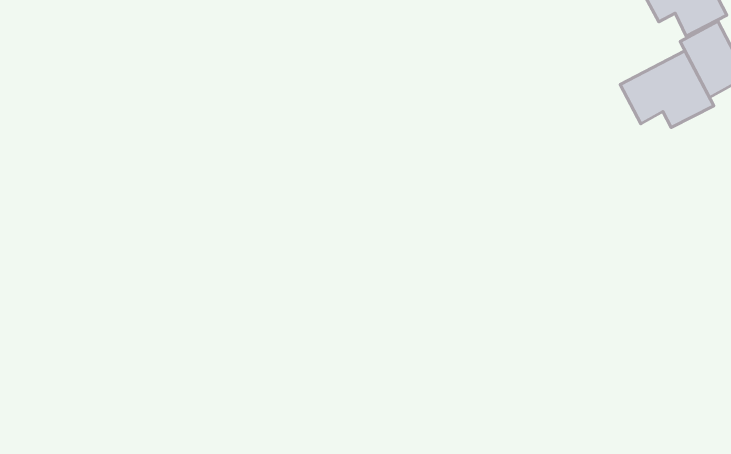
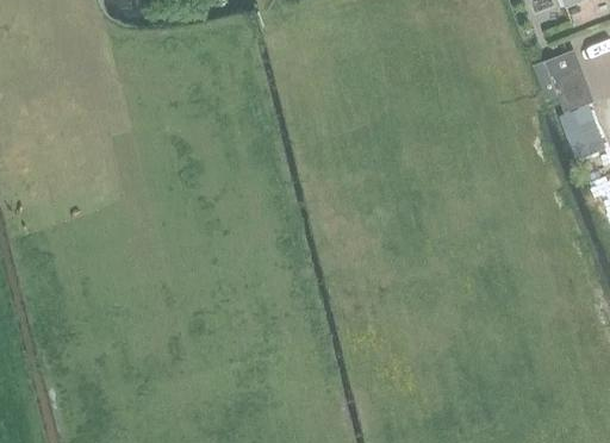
building: [620,51,714,127] -> none

